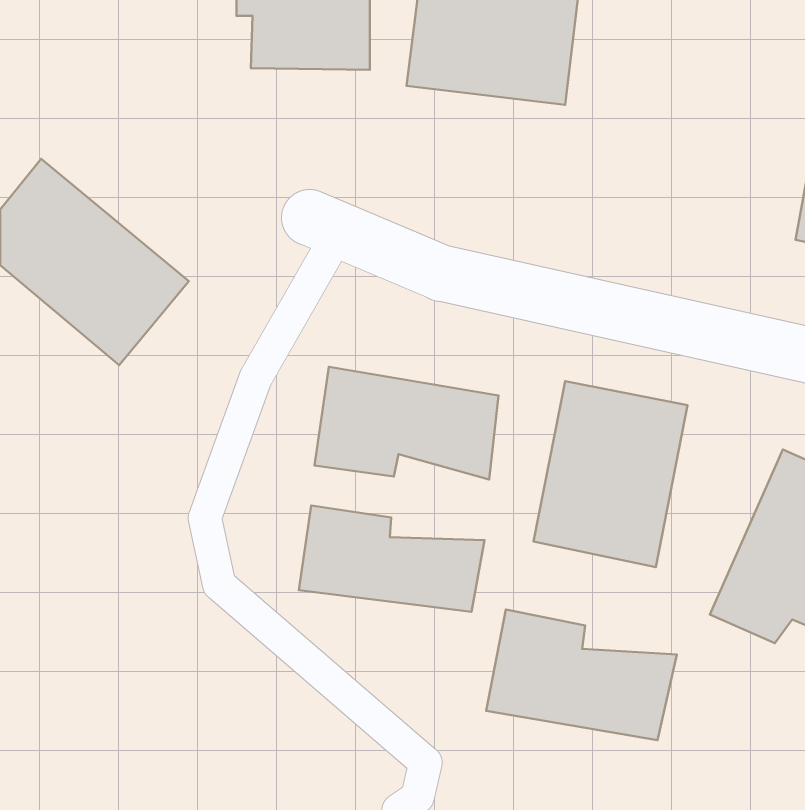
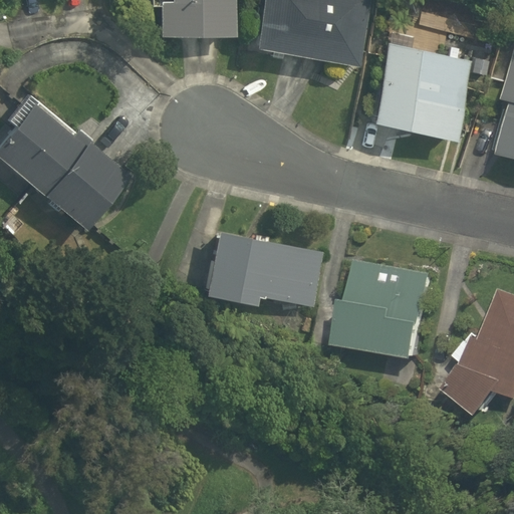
building: none -> [375,43,469,146]
building: [299,505,485,612] -> none
building: [486,610,677,740] -> none

